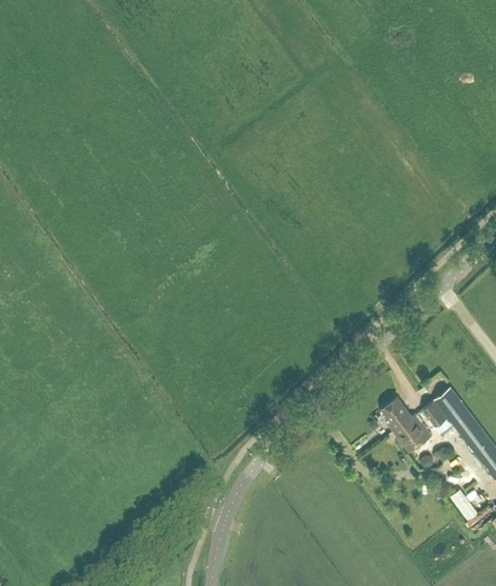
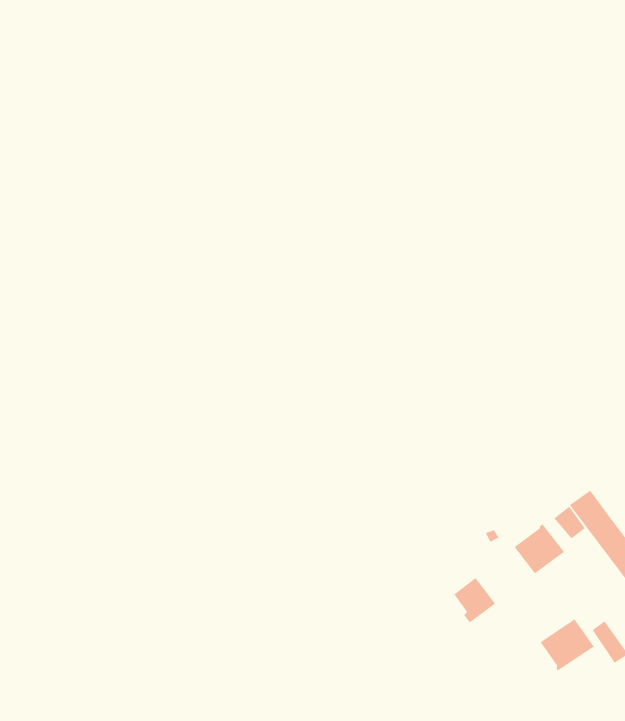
building: [381,397,412,432] -> [454,577,495,623]
building: none -> [540,619,595,671]

